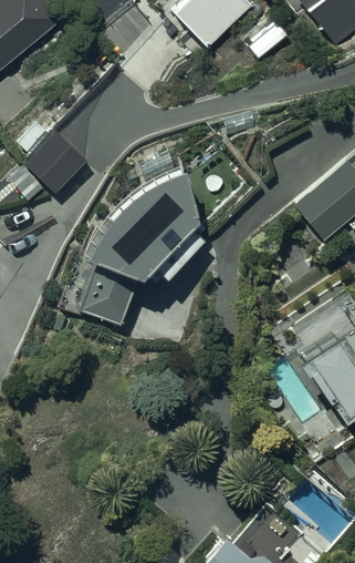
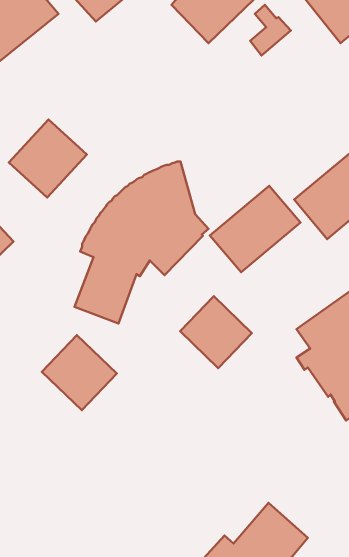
building: none -> [210,186,300,272]
building: none -> [180,296,252,368]
building: none -> [42,335,117,410]

